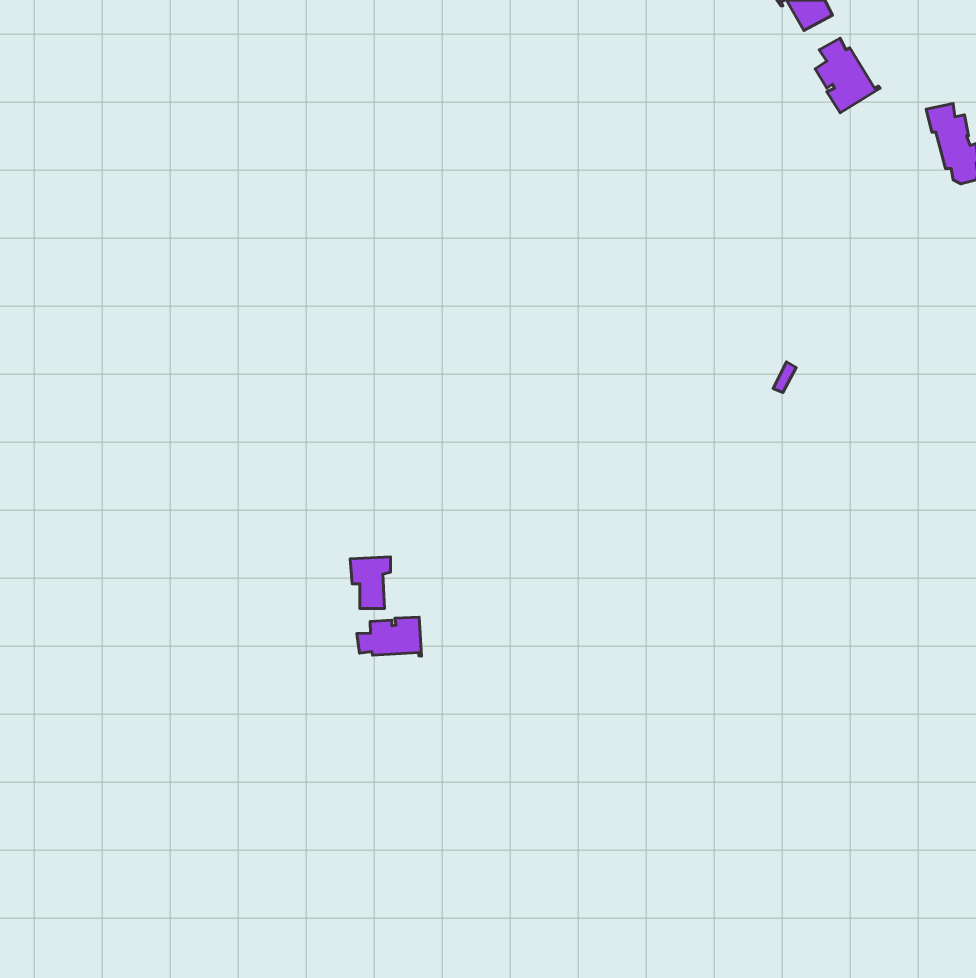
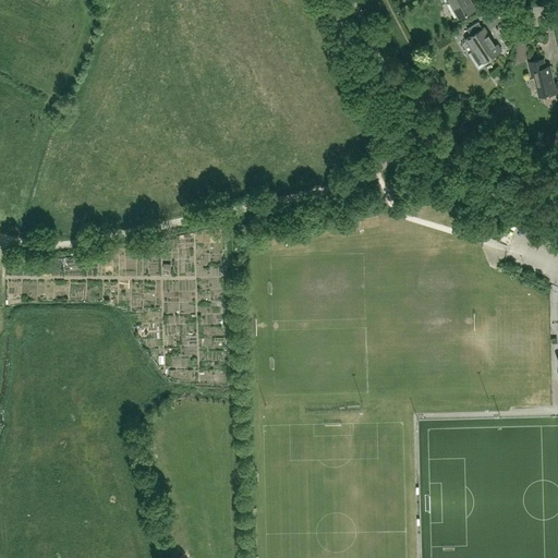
building: [357,617,422,656] -> none

